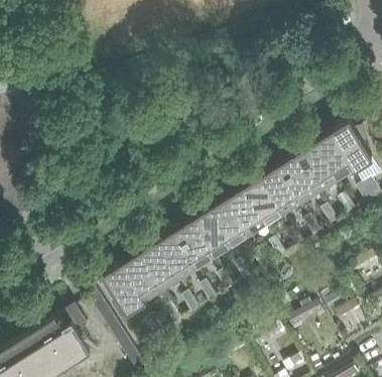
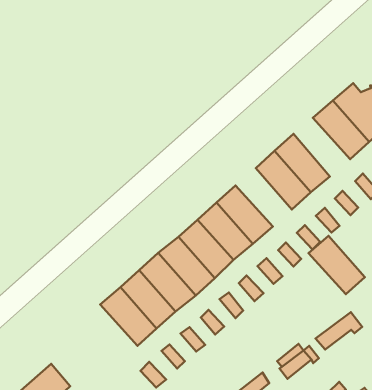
building: [296,143,338,192] -> none
building: [244,175,285,224] -> [308,236,365,294]
building: [104,263,146,311] -> none

